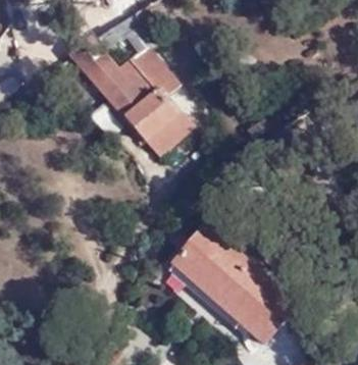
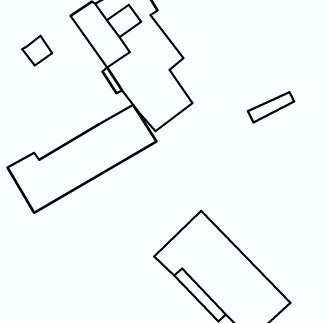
building: none -> [7,105,156,213]

